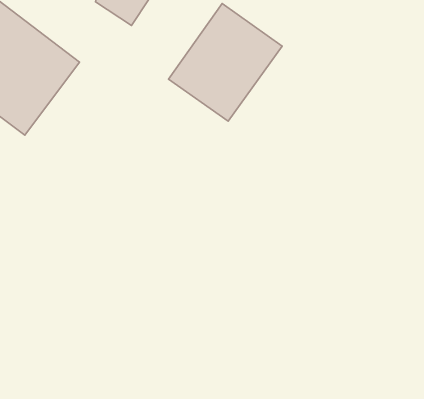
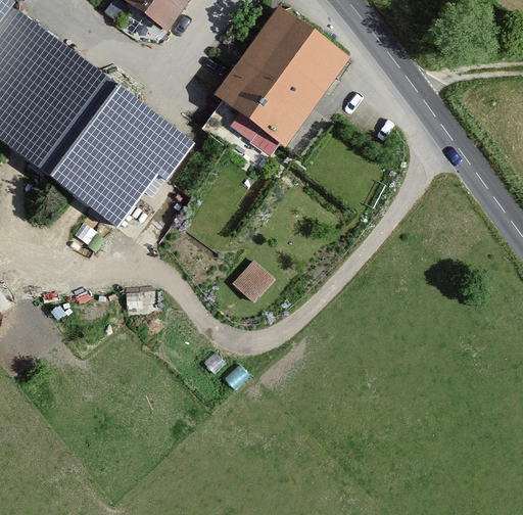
building: none -> [50,87,191,223]
building: none -> [236,254,277,294]

